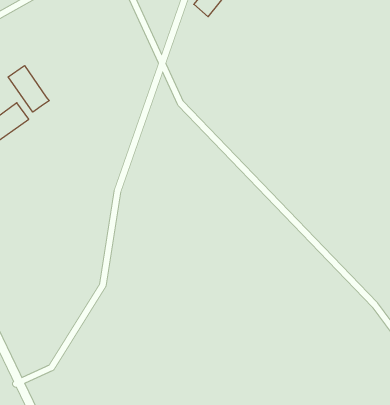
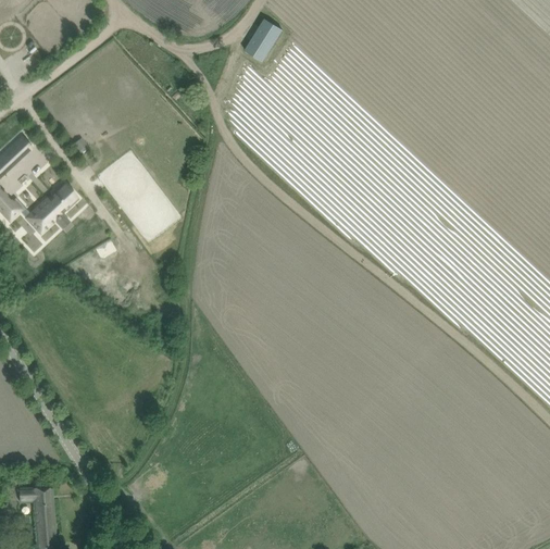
building: [8,66,49,112] -> none

